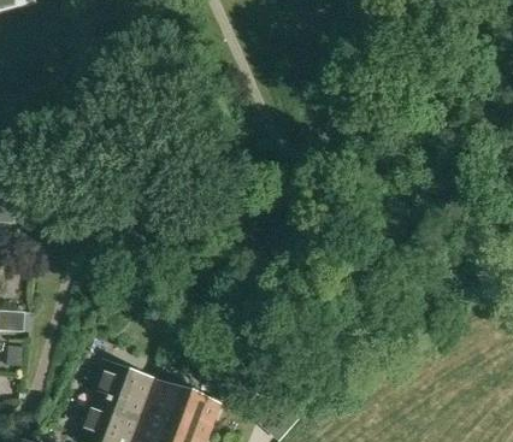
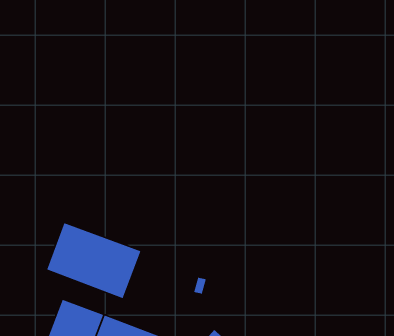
building: none -> [46,222,142,299]

